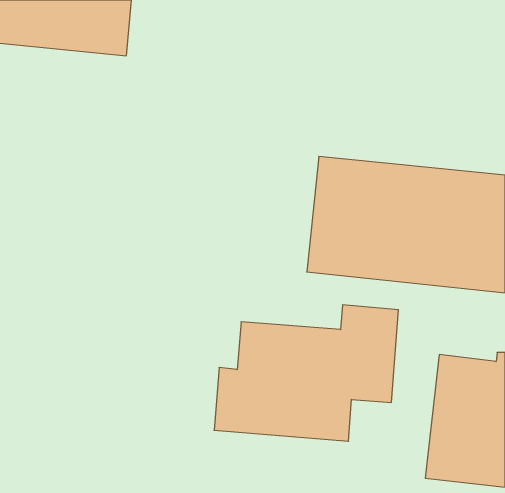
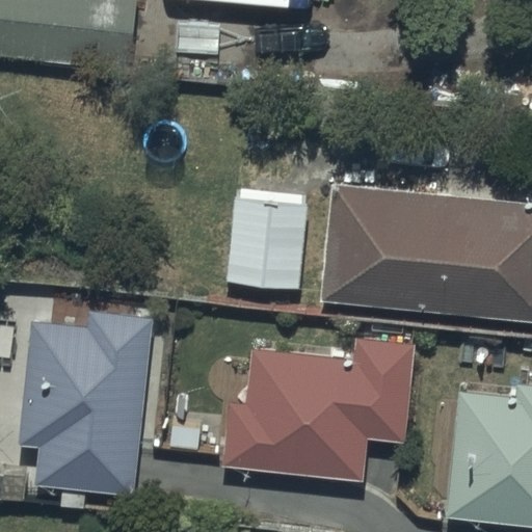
building: none -> [225,195,310,285]
building: none -> [25,307,153,491]

